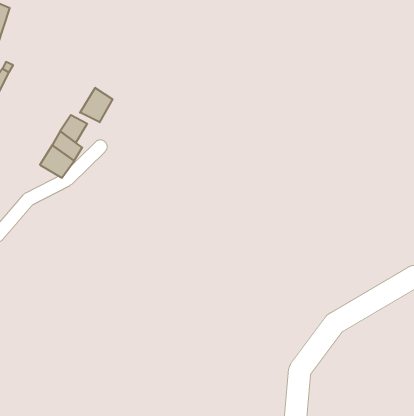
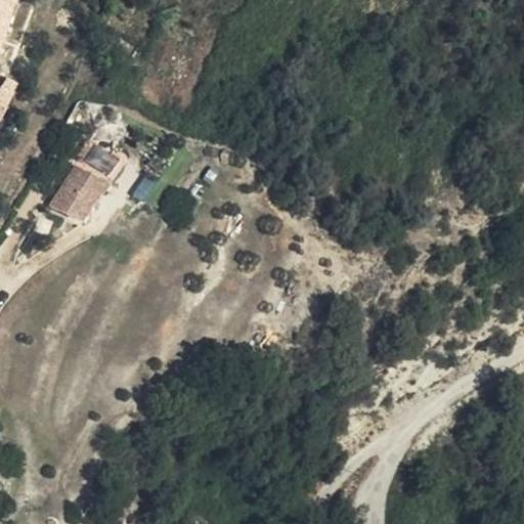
building: [80,88,112,122] -> none

